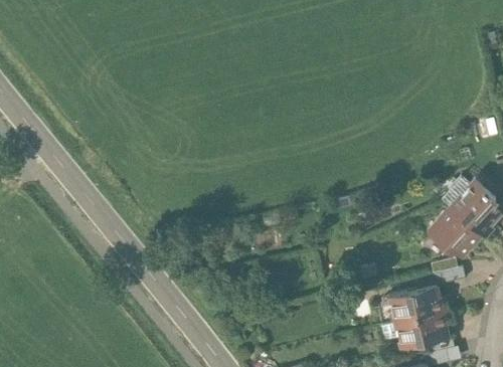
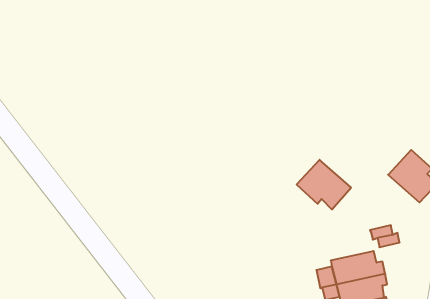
building: [426,205,483,257] -> [297,160,351,209]

